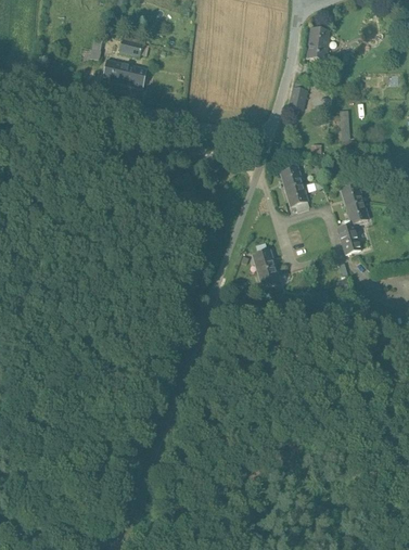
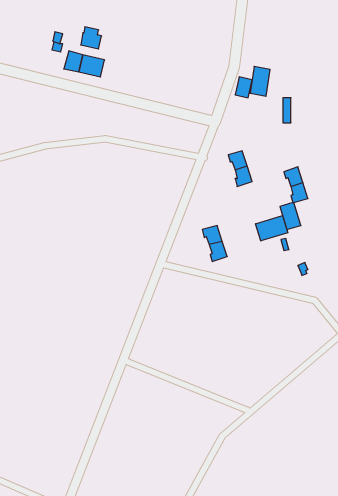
building: [307,28,329,61] -> [250,66,270,96]
building: none -> [256,215,288,241]

